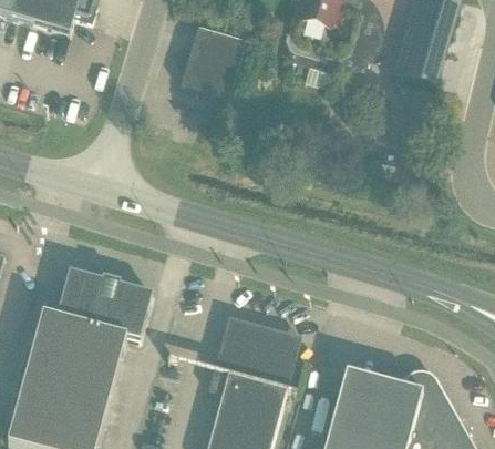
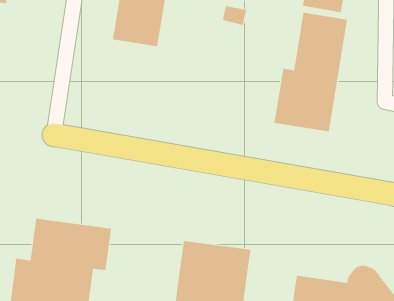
building: none -> [274,12,347,132]

